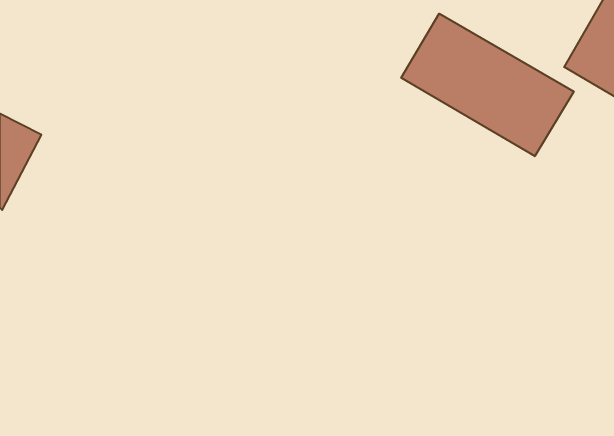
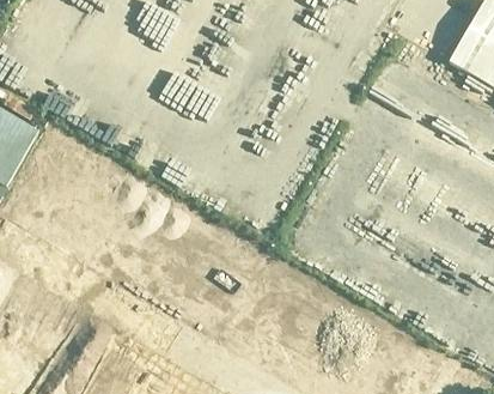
building: [401,14,574,156] -> none

